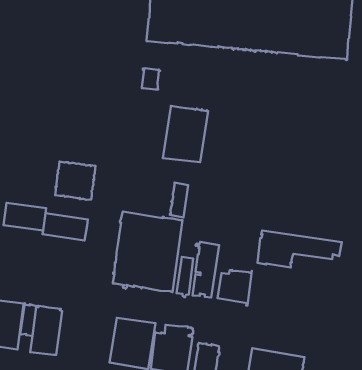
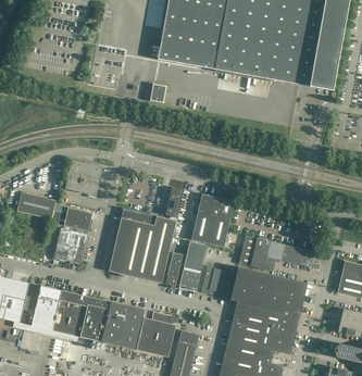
building: [163,106,208,162] -> [191,195,235,247]
building: none -> [54,228,88,264]
building: none -> [228,267,308,354]
building: none -> [54,290,110,341]

